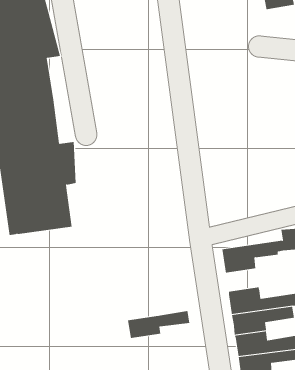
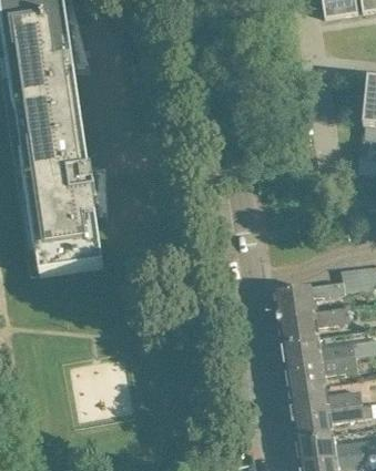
building: [127,311,190,339] -> [277,307,349,339]

